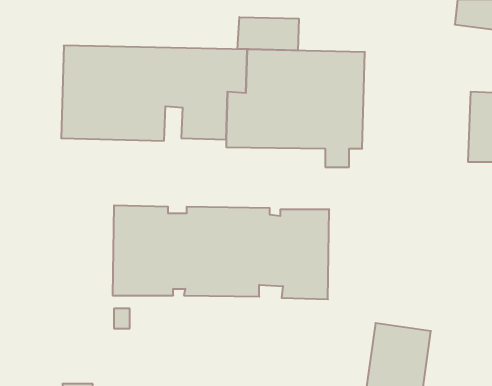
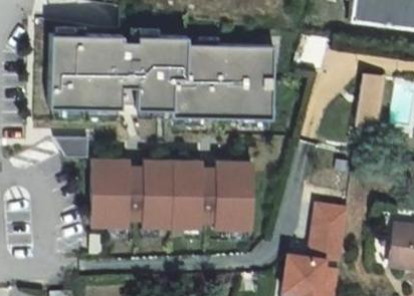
building: [238,17,299,51] -> none
building: none -> [308,201,351,254]

